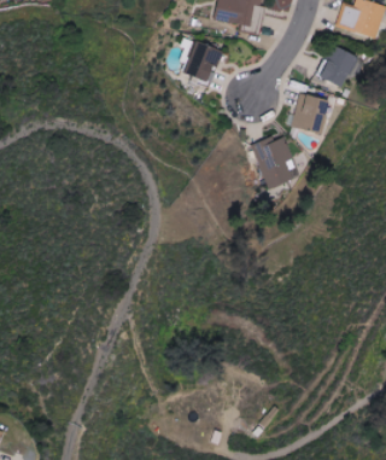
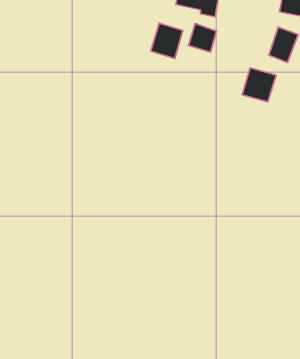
building: none -> [189,24,217,52]
building: [253,136,300,188] -> none

